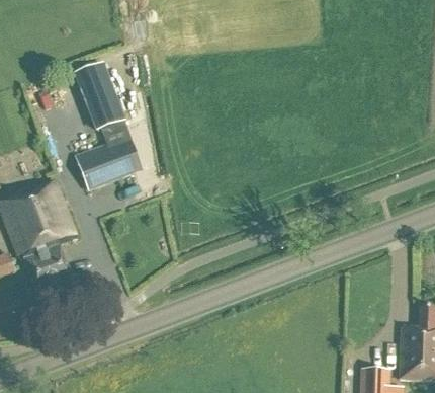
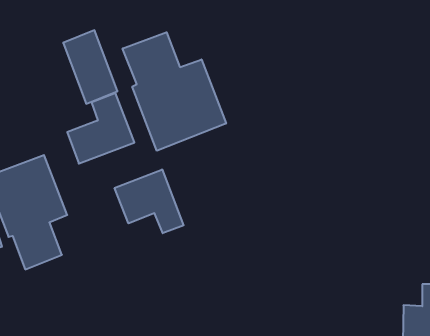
building: none -> [123,32,226,151]
building: none -> [115,169,184,233]

